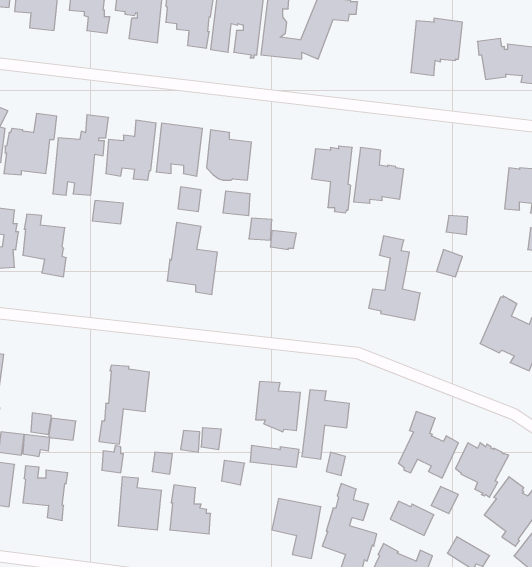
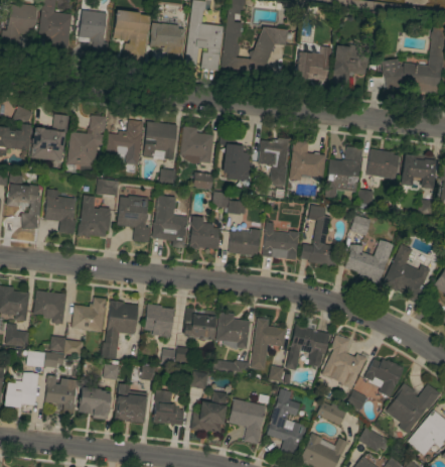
building: none -> [295,46,331,81]
building: none -> [219,131,252,182]
building: none -> [326,146,363,192]
building: none -> [366,149,399,179]
building: none -> [78,195,111,237]
building: none -> [117,196,151,243]
building: none -> [189,216,219,249]
building: none -> [263,222,299,260]
building: none -> [228,229,261,256]
building: none -> [343,240,394,283]
building: none -> [33,290,66,325]
building: none -> [71,298,106,332]
building: none -> [144,304,174,338]
building: none -> [182,309,215,340]
building: none -> [286,324,329,370]
building: none -> [78,387,111,420]
building: none -> [190,391,228,433]

